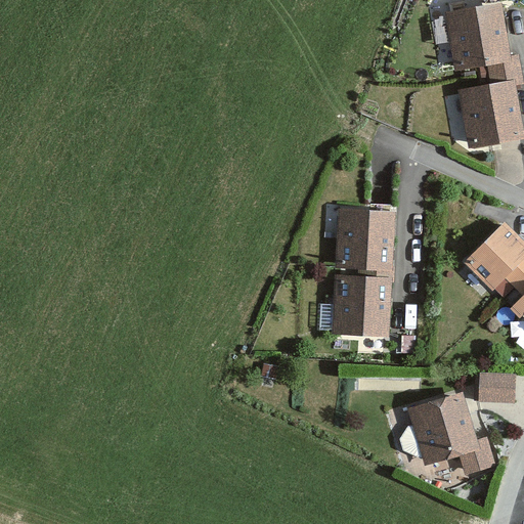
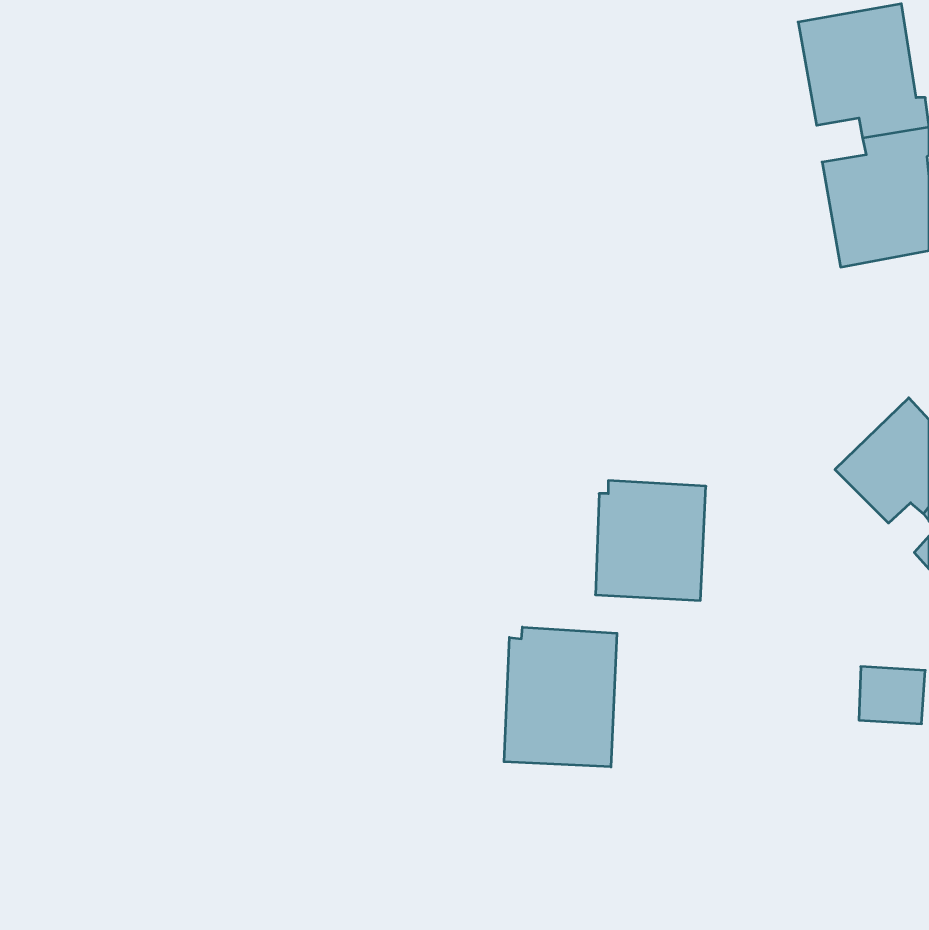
building: [334,207,394,270] -> none
building: none -> [504,627,617,767]
building: [406,392,492,473] -> none

